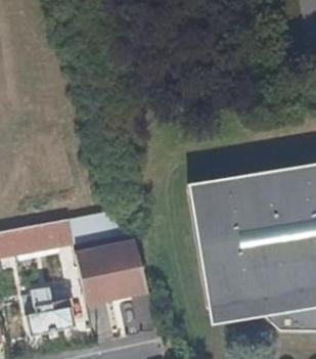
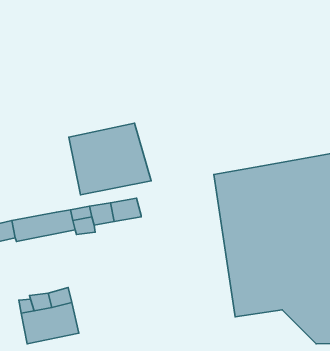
building: [75,241,146,304] -> [69,123,151,195]

